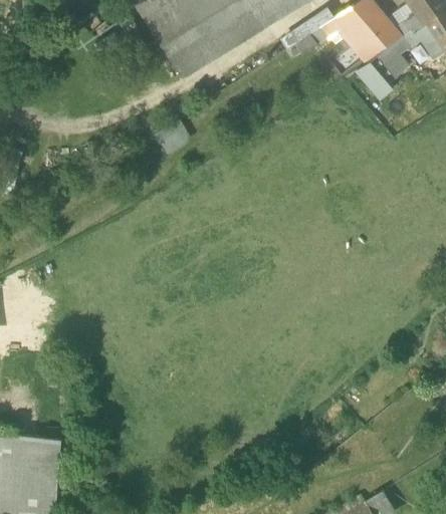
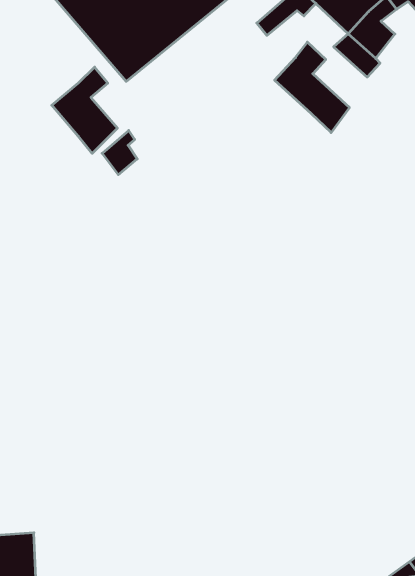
building: none -> [52,67,117,153]
building: none -> [275,42,349,133]

